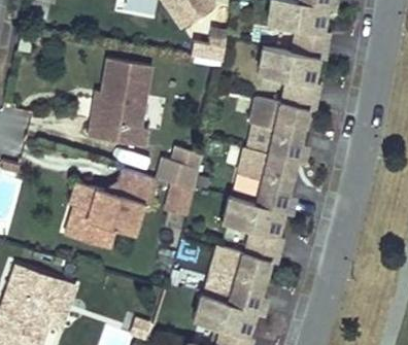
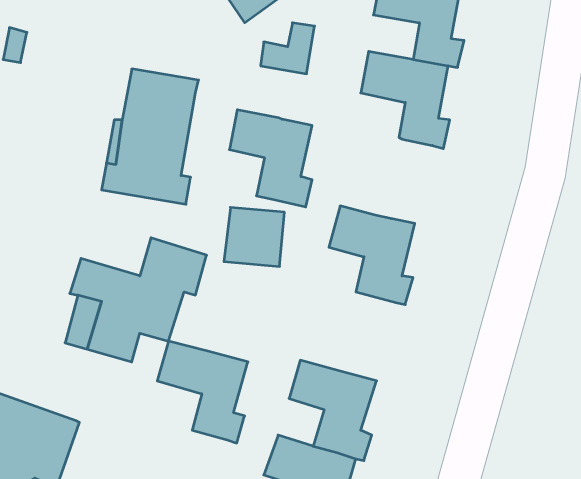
building: [248,98,302,161] -> [229,110,312,207]
building: [220,197,279,263] -> [157,341,248,443]

